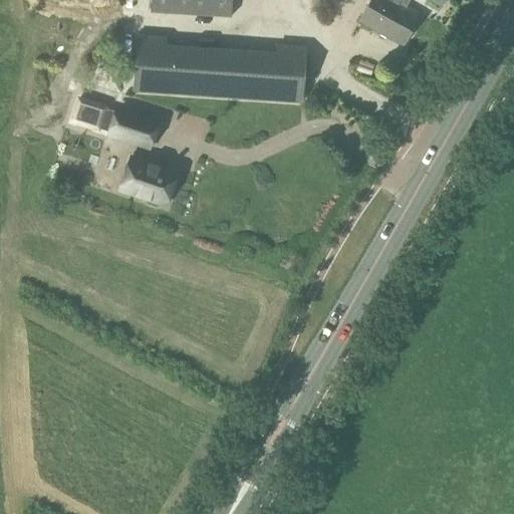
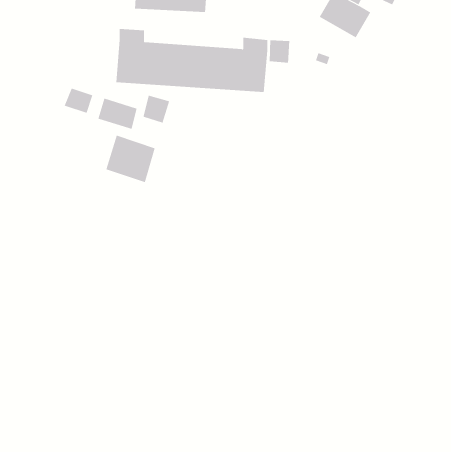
building: none -> [269,39,290,63]
building: none -> [143,95,170,124]

